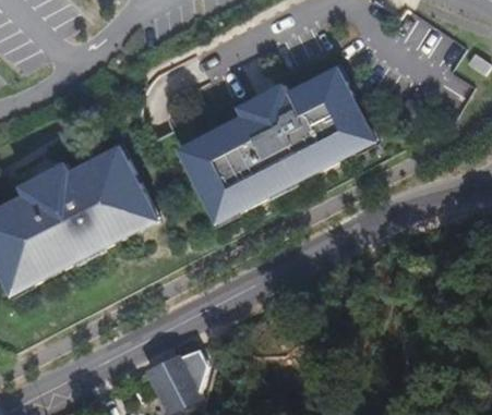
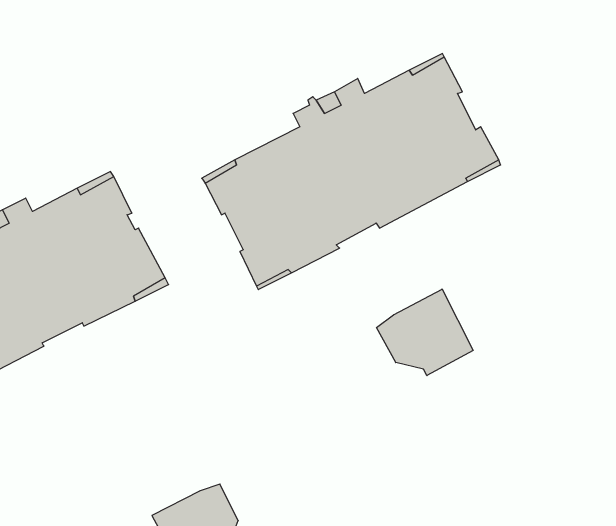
building: none -> [377,289,473,376]

